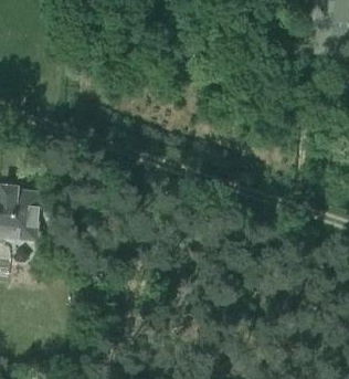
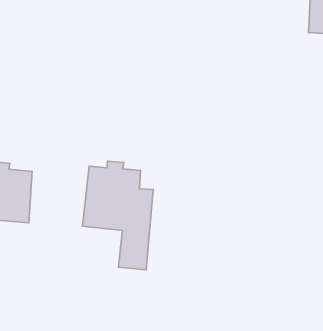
building: none -> [82,161,153,270]

